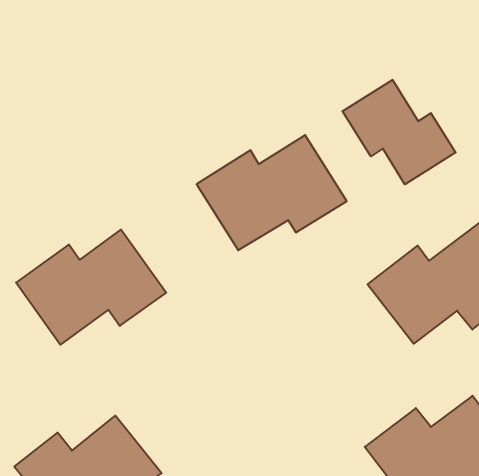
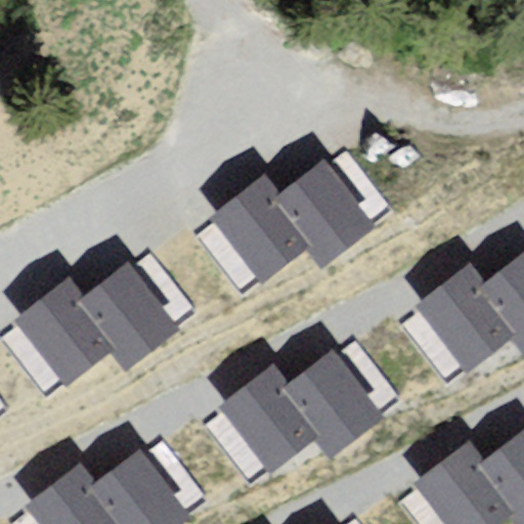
building: [342,80,456,184] -> none
building: none -> [205,351,381,483]

